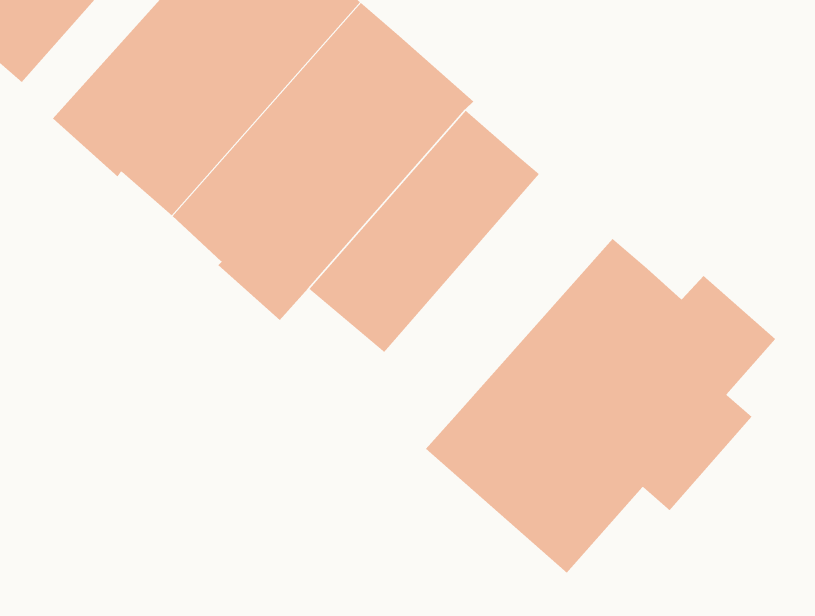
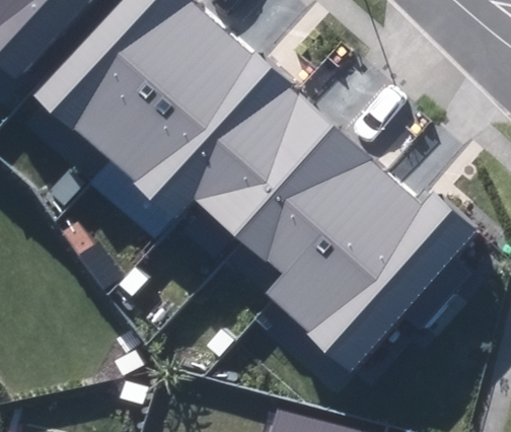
building: none -> [240,130,377,276]

